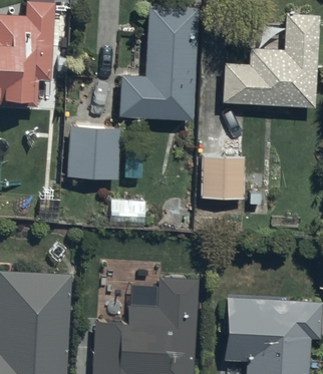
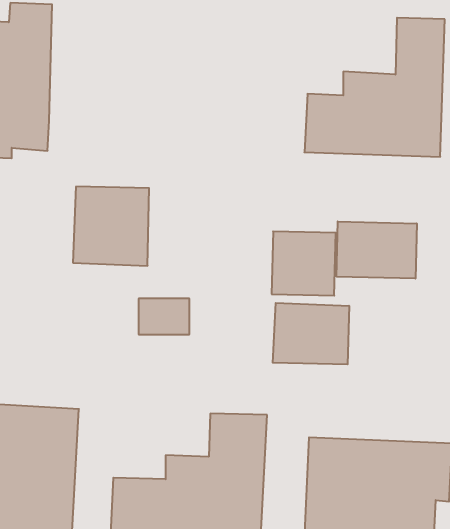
building: [118,6,197,121] -> none
building: none -> [337,221,417,279]
building: none -> [273,303,349,364]

